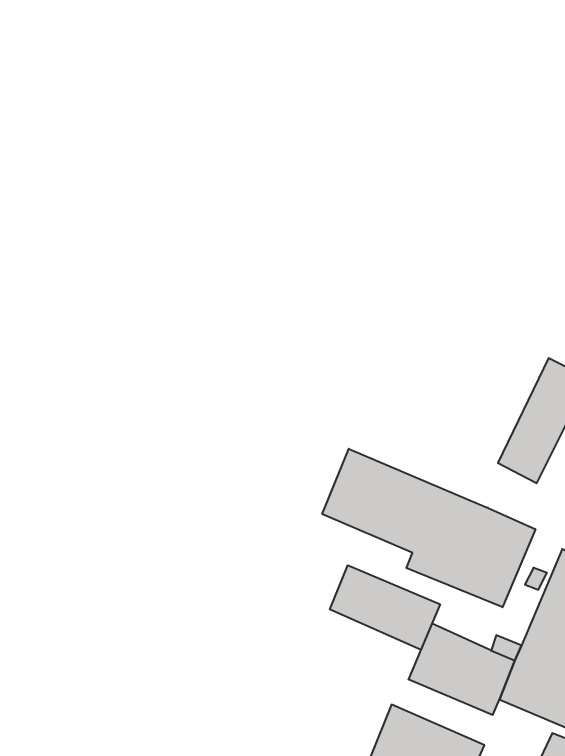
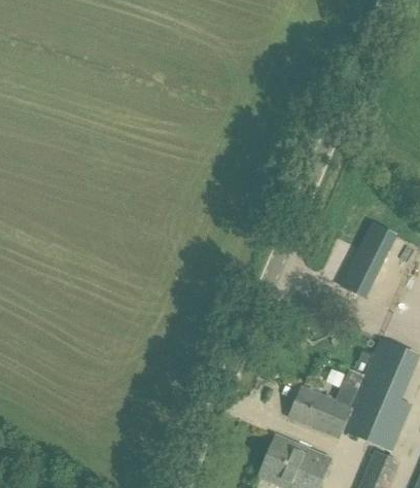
building: [322,449,535,607] -> none
building: [330,565,440,650] -> none

